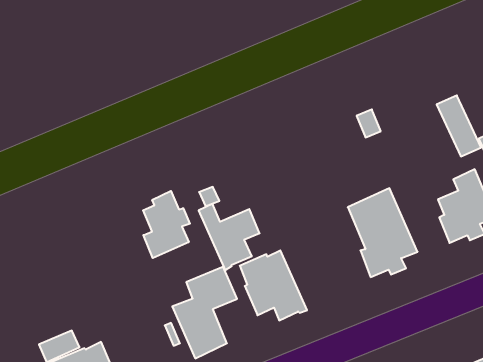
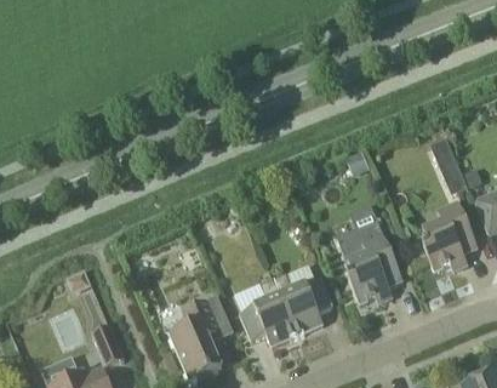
building: [143,191,190,258] -> none
building: [199,204,260,270] -> [273,273,331,336]
building: none -> [92,325,125,366]

